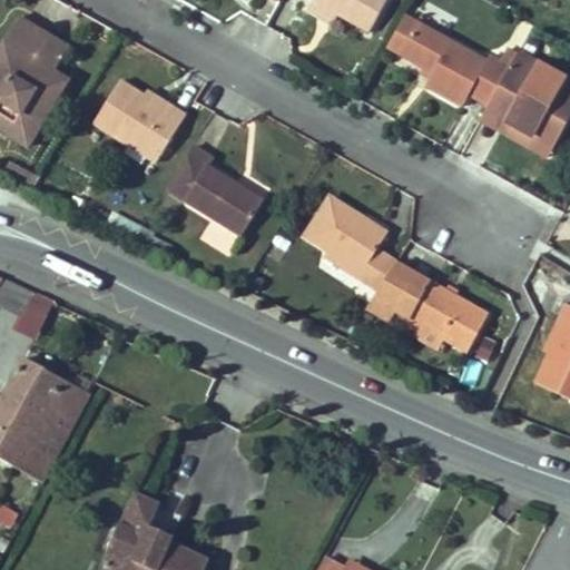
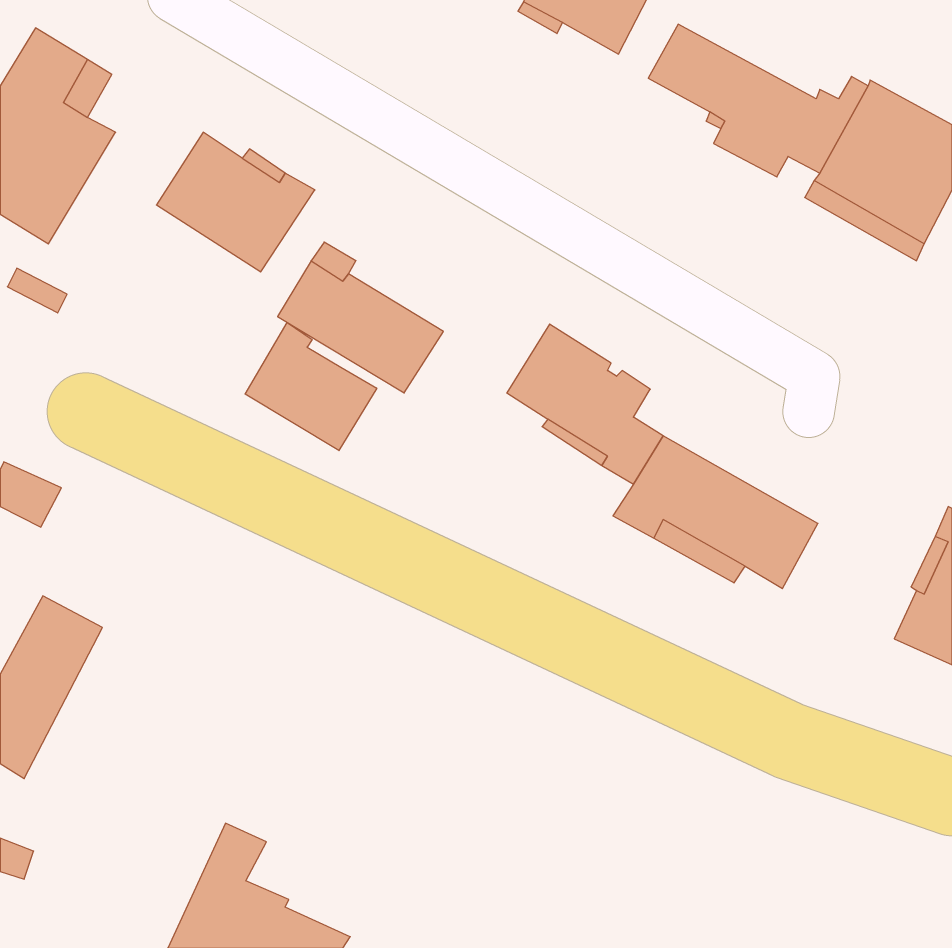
building: none -> [245,322,377,451]
building: [14,375,90,481] -> none

